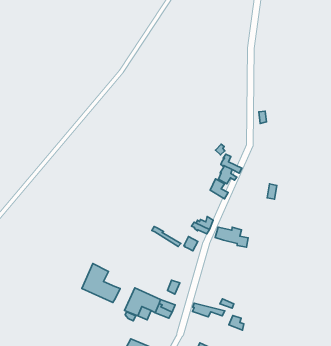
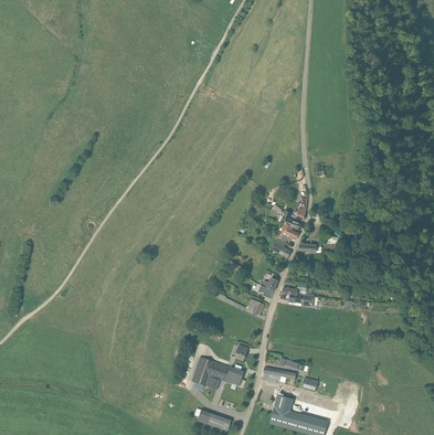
building: [82,264,120,302] -> none

